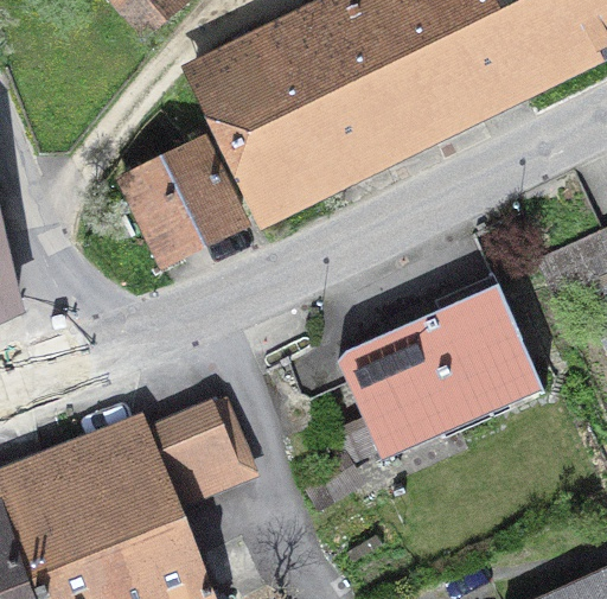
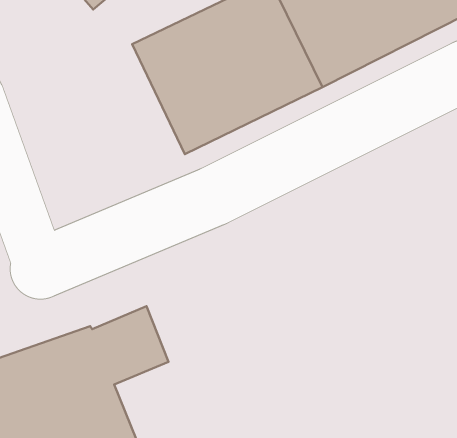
building: [127,148,239,260] -> none
building: [337,286,544,461] -> none

